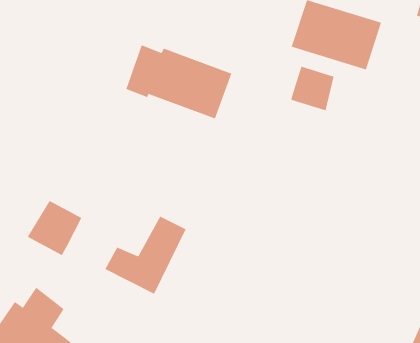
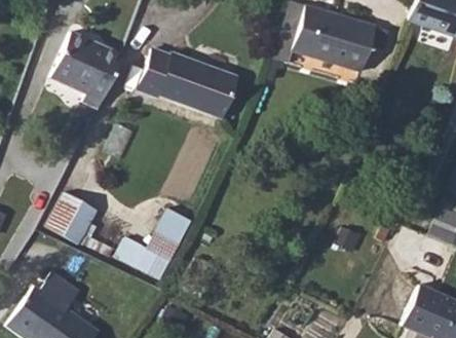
building: none -> [51,32,122,108]
building: [291,66,334,111] -> none

